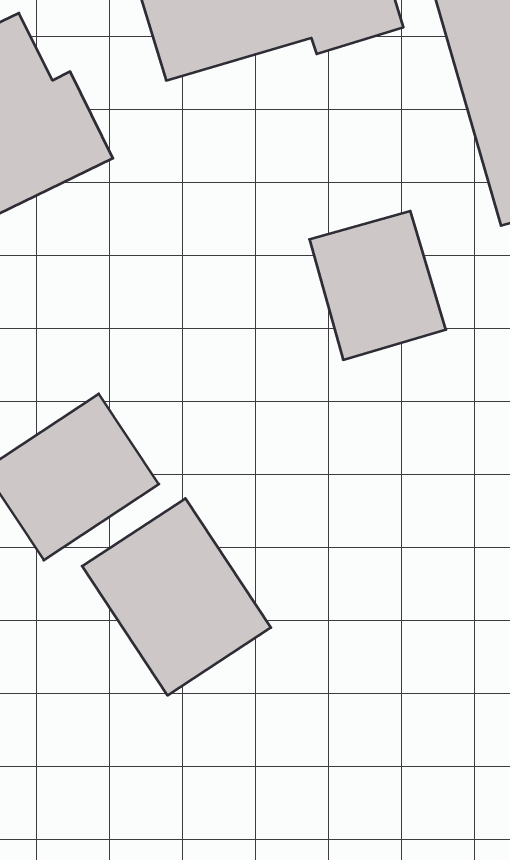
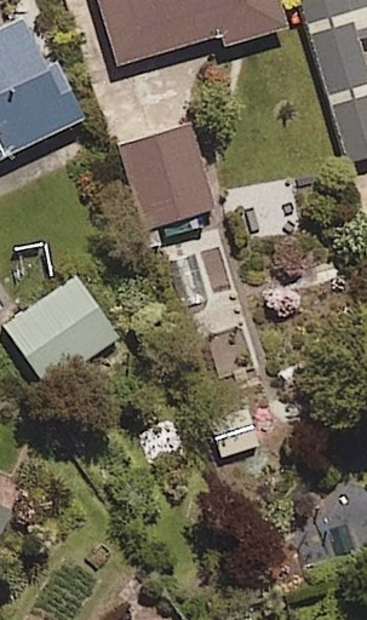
building: [309,211,446,360] -> [121,127,214,229]
building: [82,498,271,695] -> none

